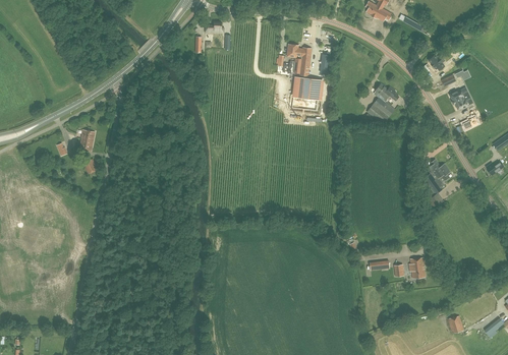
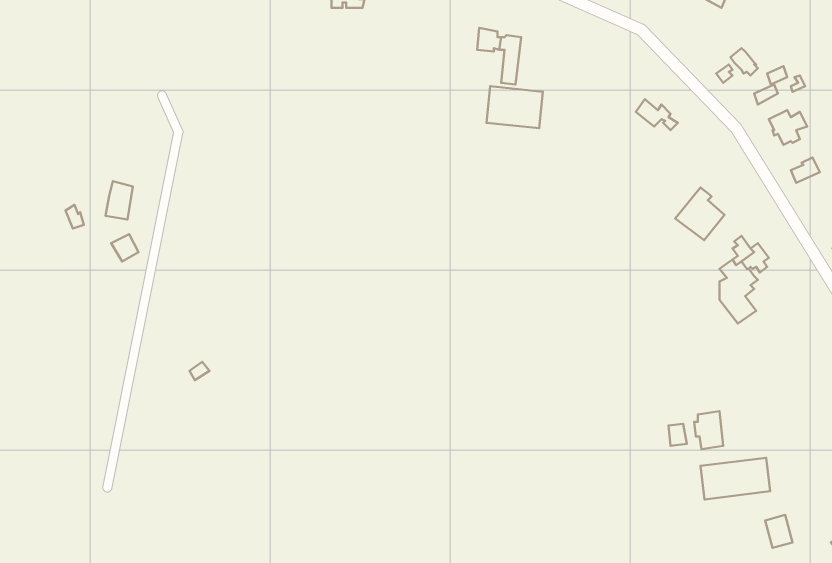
building: [365,95,393,124] -> [675,187,724,240]
building: none -> [701,458,770,499]

